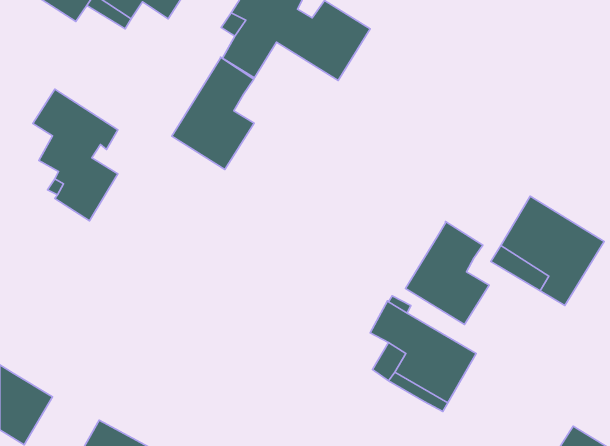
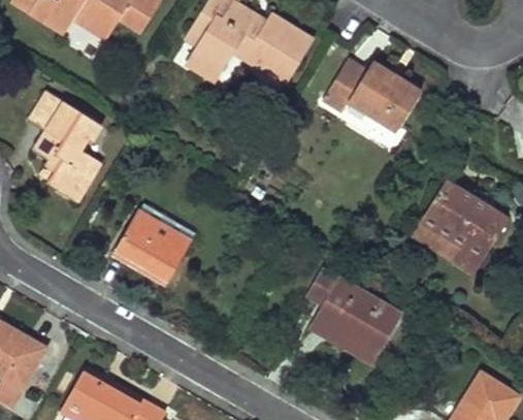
building: none -> [324,61,422,132]
building: [172,57,254,170] -> none
building: [406,222,489,324] -> none
building: none -> [115,209,192,283]

